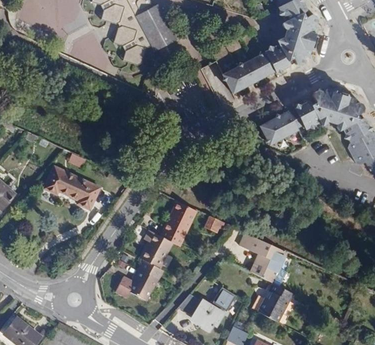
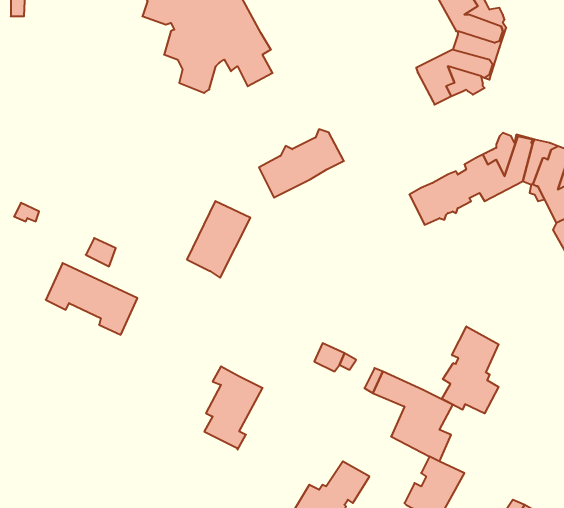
building: [224,51,275,92] -> [259,129,344,198]
building: [159,200,197,246] -> [187,201,250,278]
building: none -> [442,326,499,413]
building: [128,267,158,300] -> none

